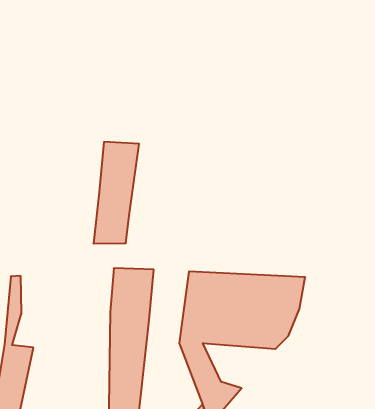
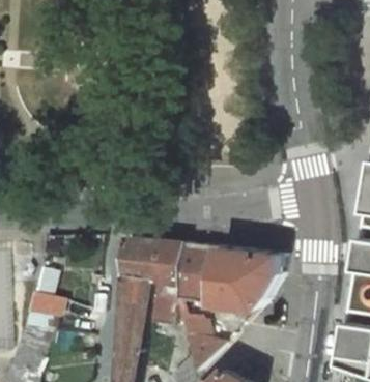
building: [93,142,139,244] -> [144,239,187,324]

